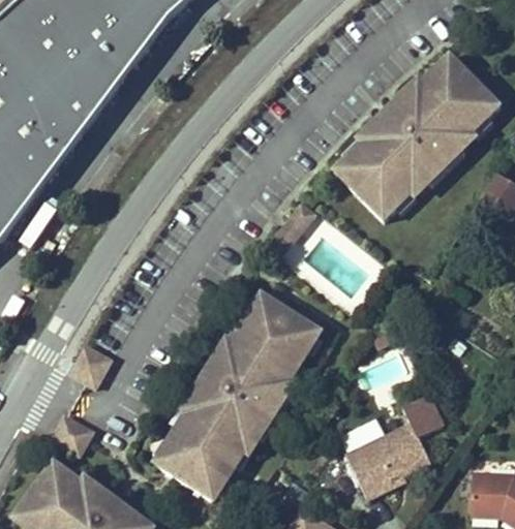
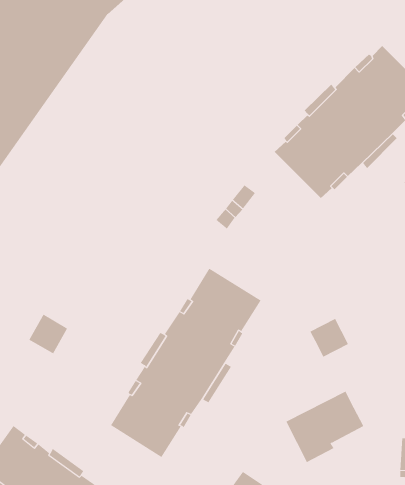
building: [403,395,446,437] -> [310,318,349,357]
building: [53,414,93,453] -> none

